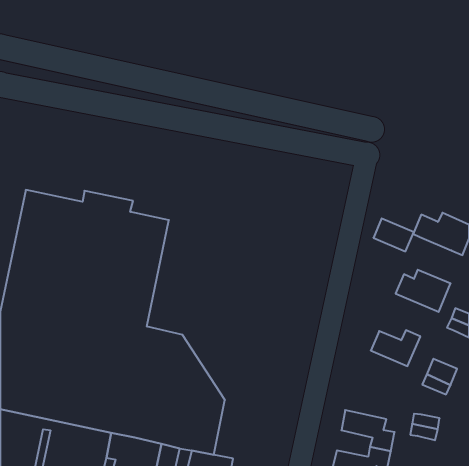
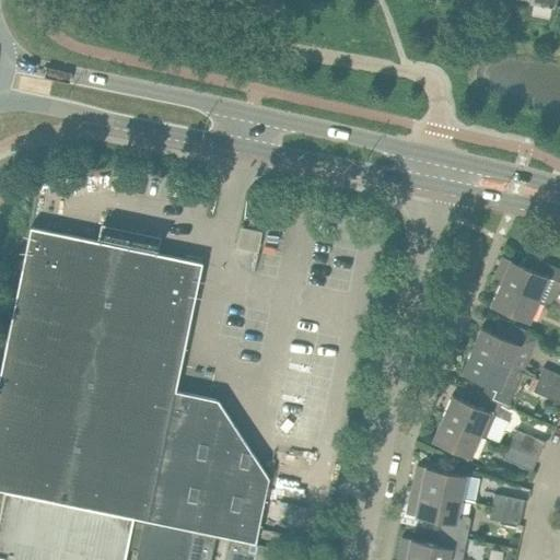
building: [373,218,414,251] -> [490,285,538,325]
building: none -> [462,353,510,393]
building: none -> [432,421,480,459]
building: none -> [411,467,480,504]

